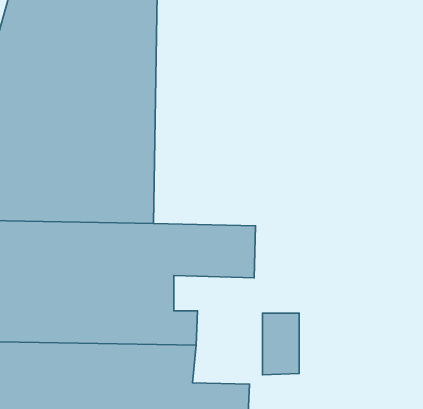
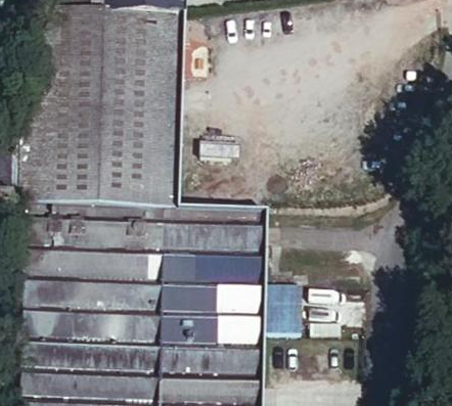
building: none -> [194,257,264,351]

